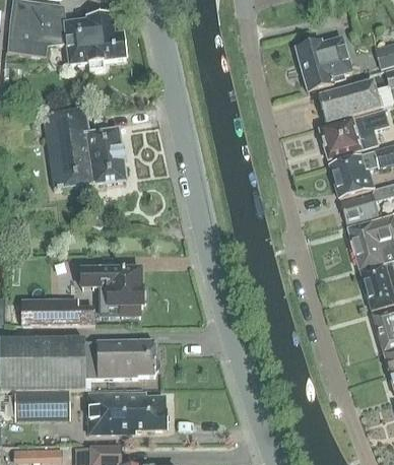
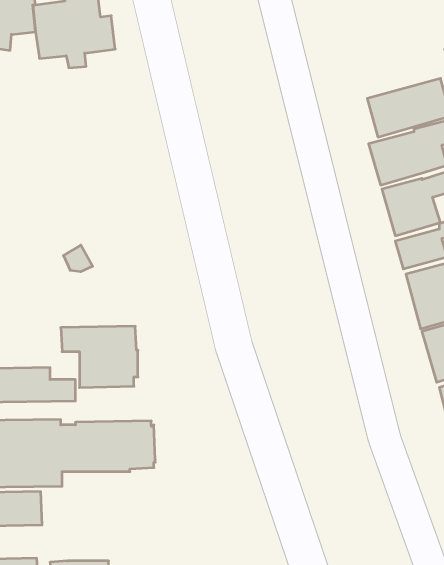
building: [294,35,351,89] -> none
building: [43,109,125,188] -> none
building: [87,391,167,433] -> none

